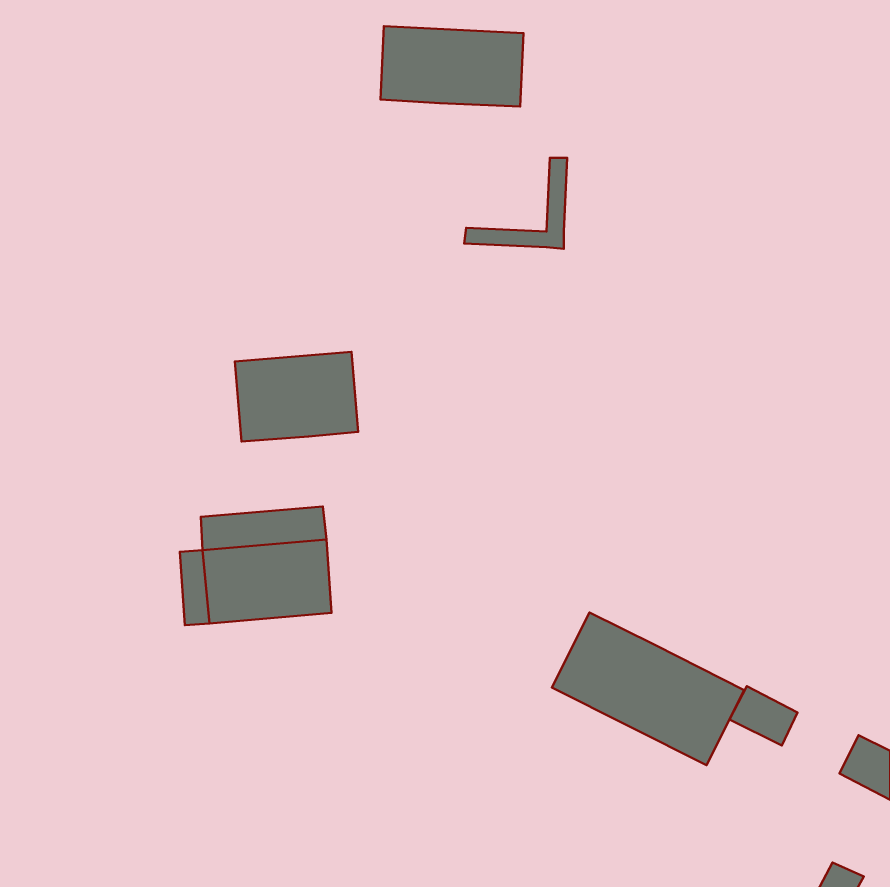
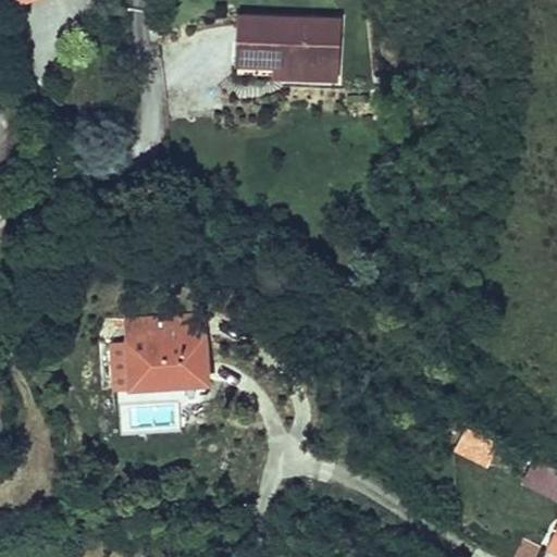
building: [464,158,567,249] -> [273,24,337,81]
building: [235,352,358,442] -> none
building: [552,613,744,765] -> none

